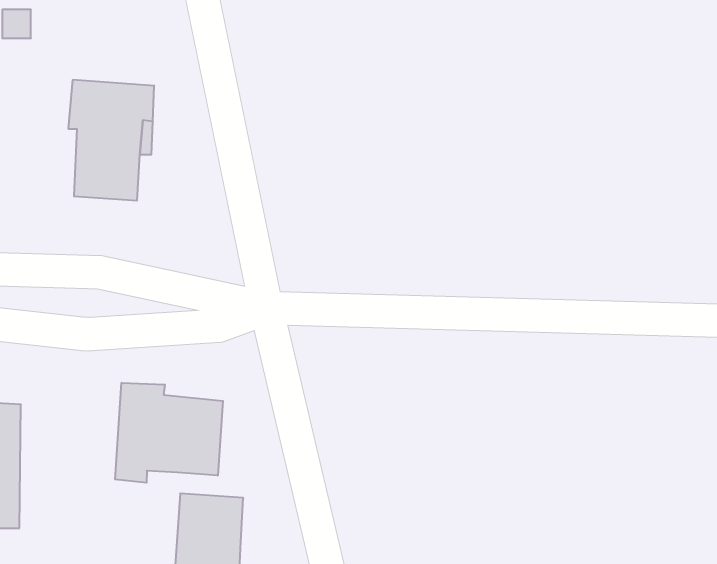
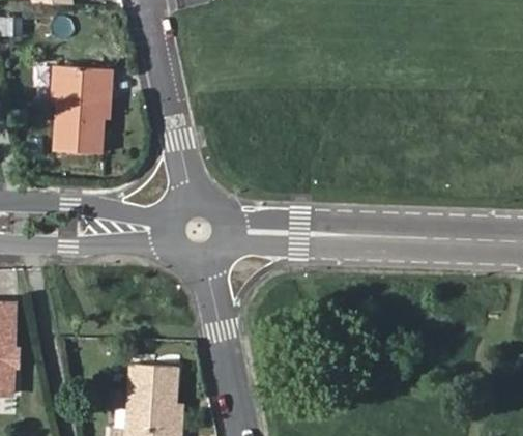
building: [115,383,223,483] -> none

